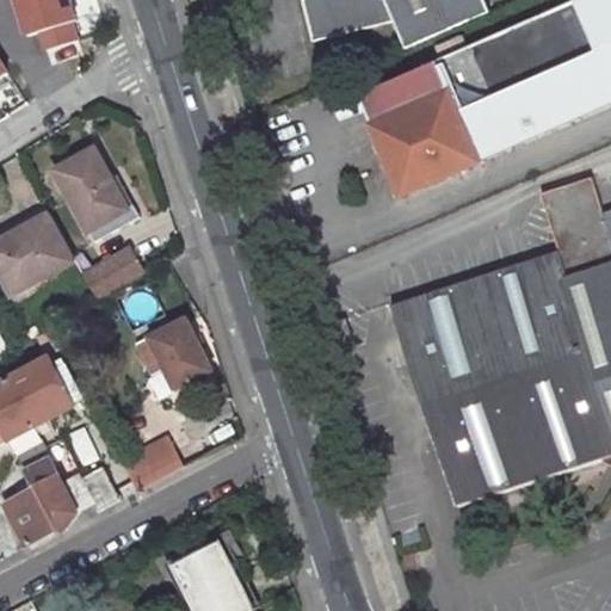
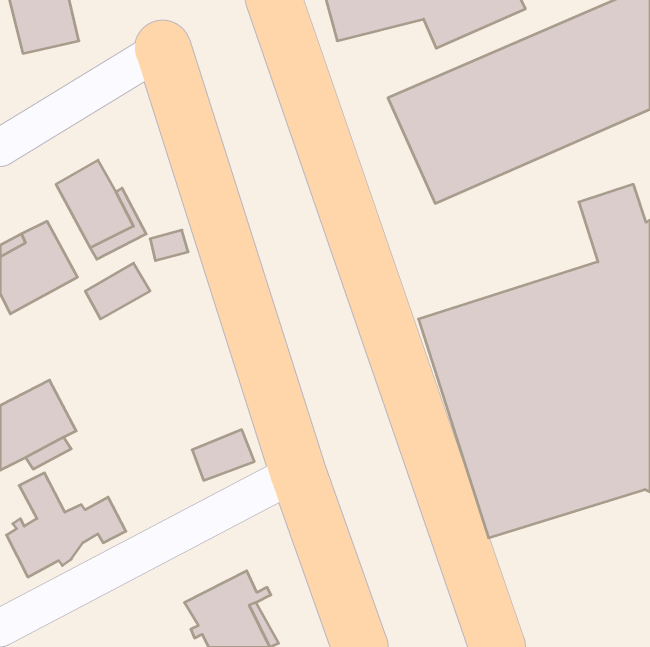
building: [137,316,211,385] -> none
building: [122,437,180,489] -> none

